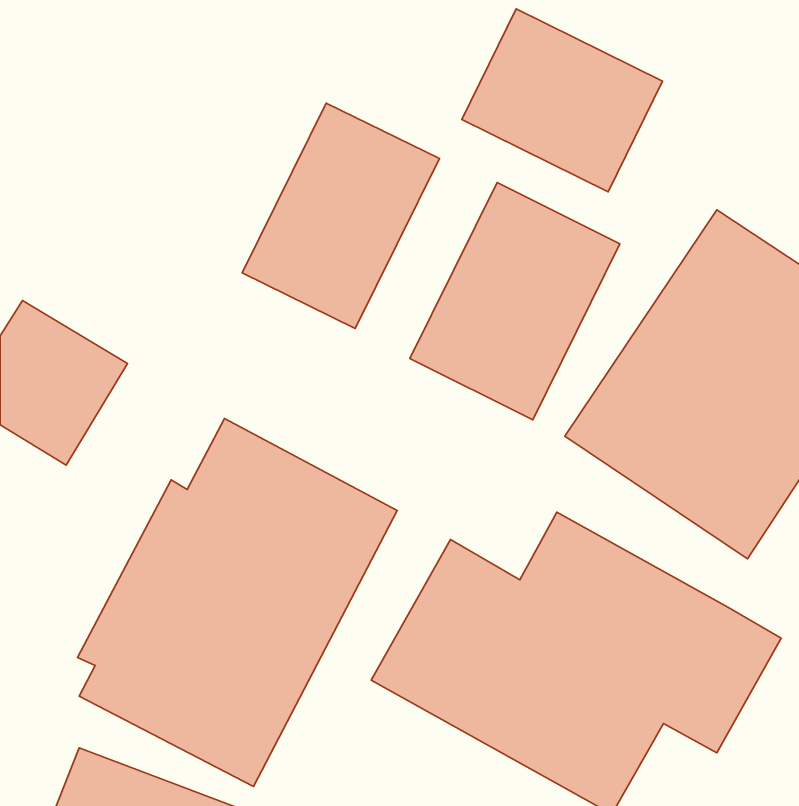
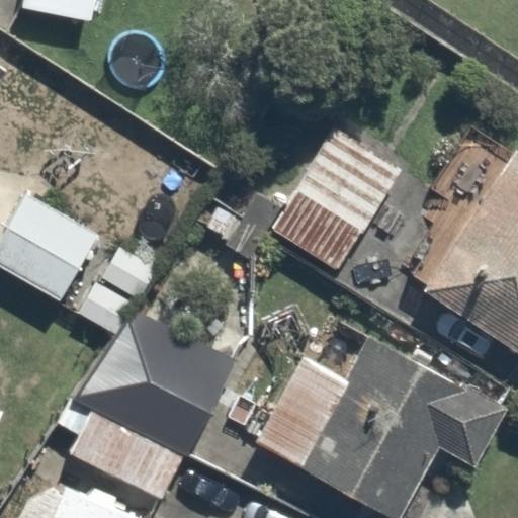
building: [462,9,662,192] -> none
building: [242,103,439,328] -> none

